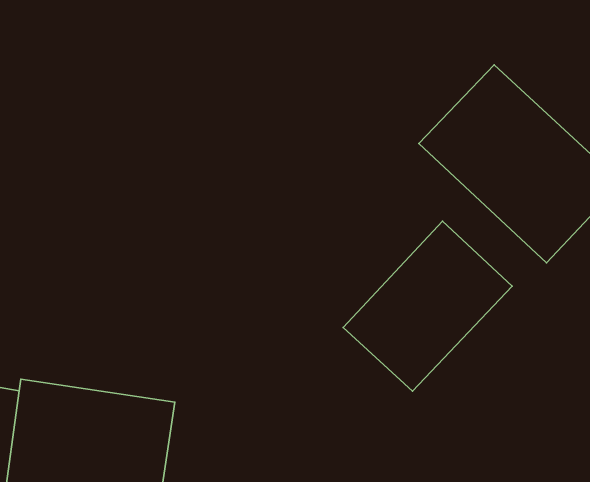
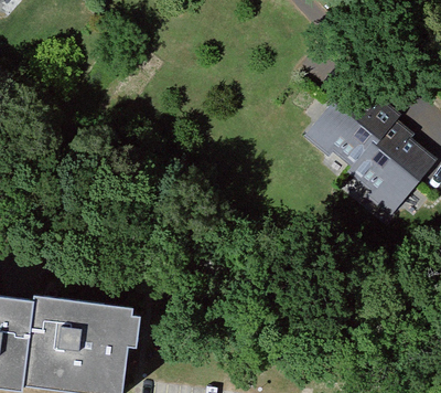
building: [343,221,512,391] -> none

